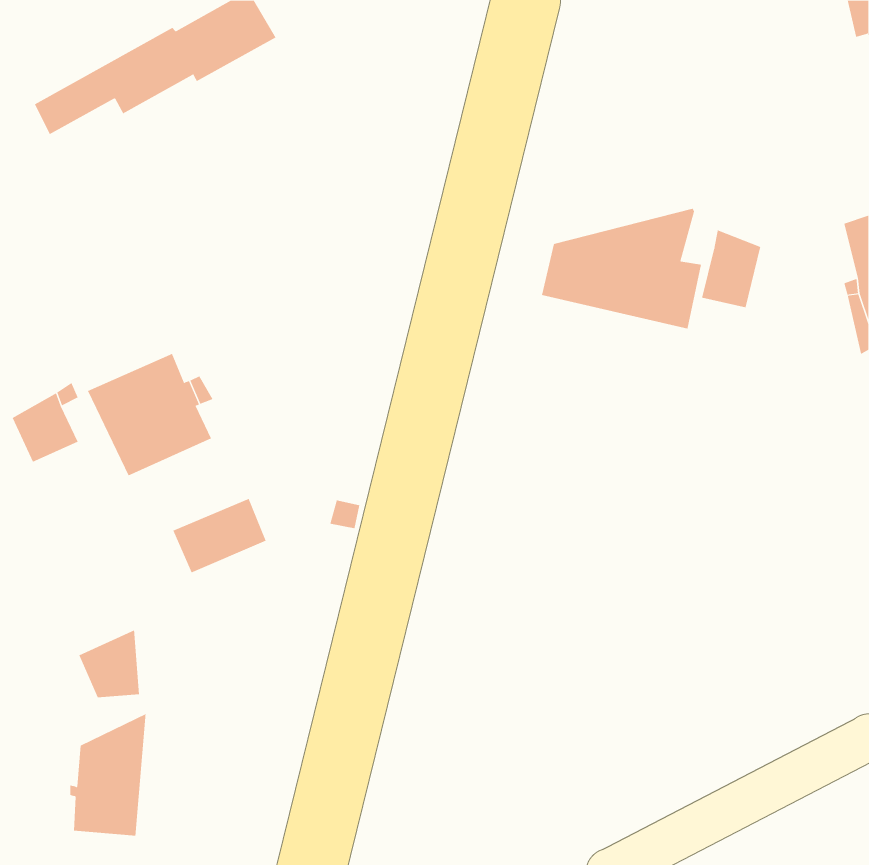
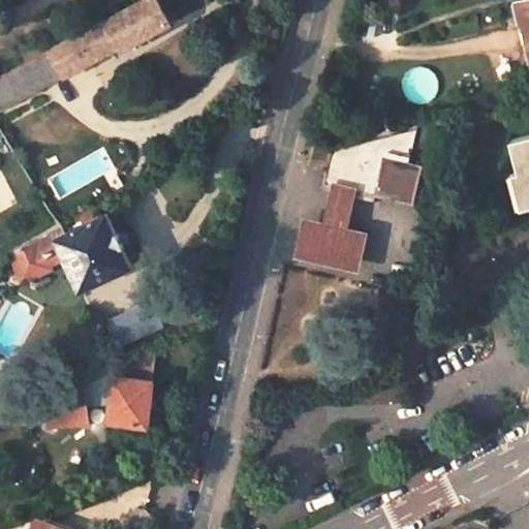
building: [701,230,761,308] -> none
building: none -> [294,185,367,274]
building: [70,713,146,836] -> [105,353,152,428]

